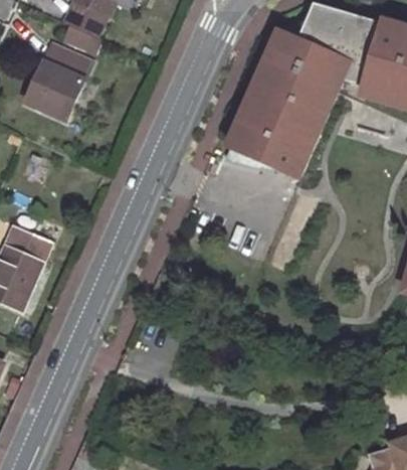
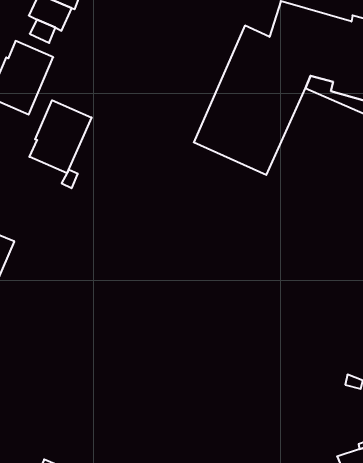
building: none -> [29,100,92,173]

